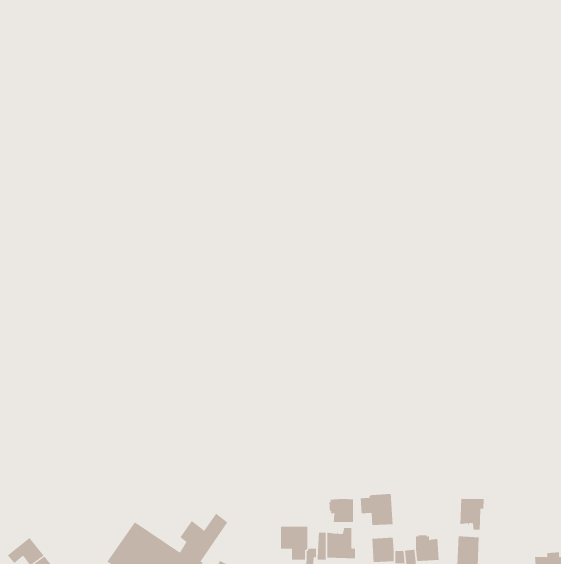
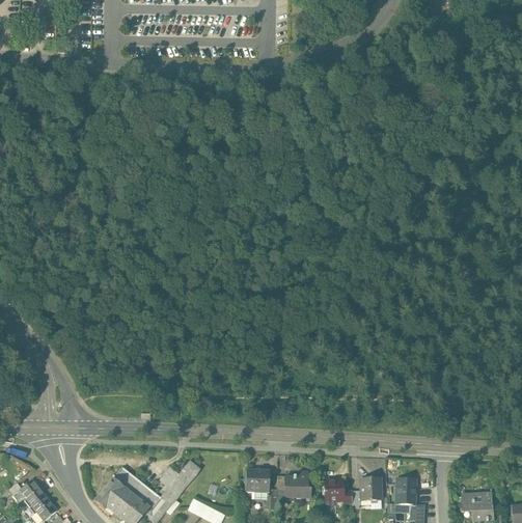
building: [360,493,393,526] -> none
building: [460,498,484,531] -> none
building: [329,498,353,523] -> none

